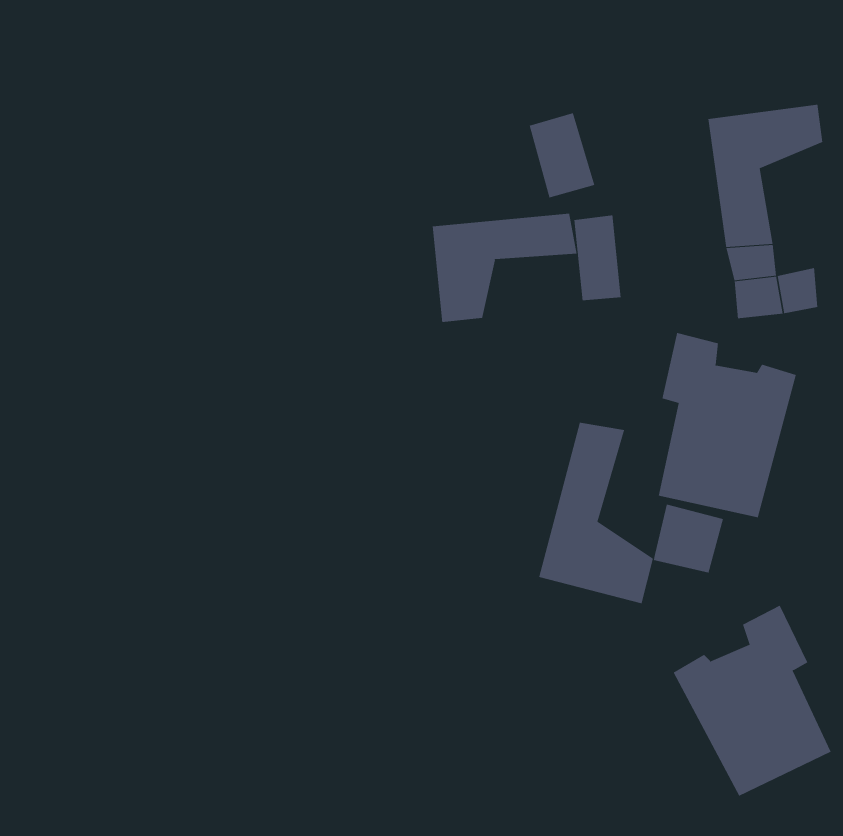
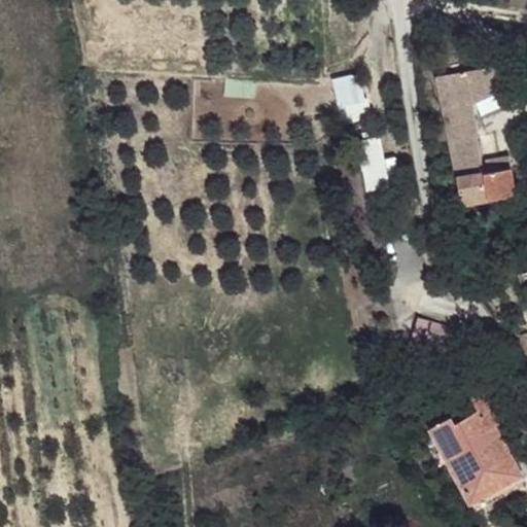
building: [432,213,577,323] -> none
building: [658,332,796,518] -> none
building: [539,422,653,604] -> none

